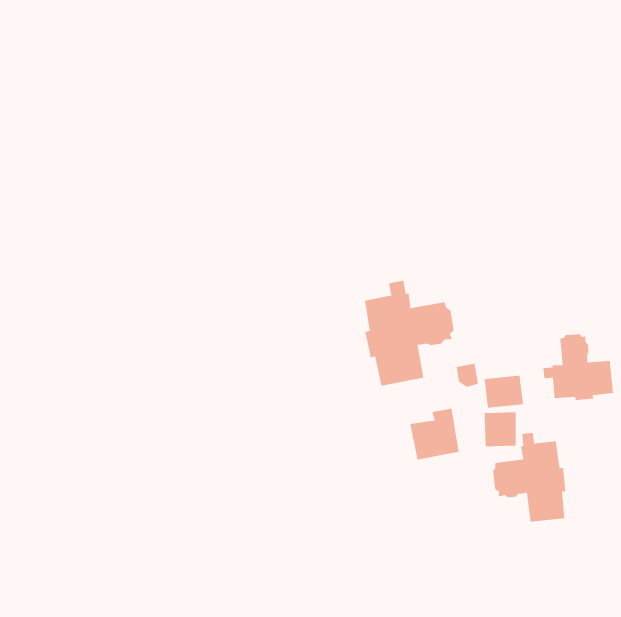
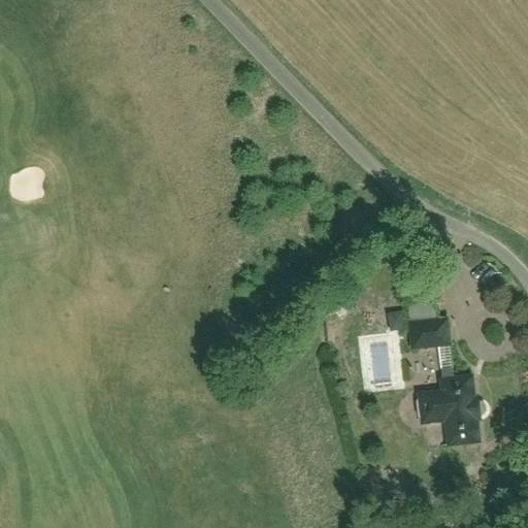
building: [364,280,454,387] -> none
building: [543,334,613,401] -> none

